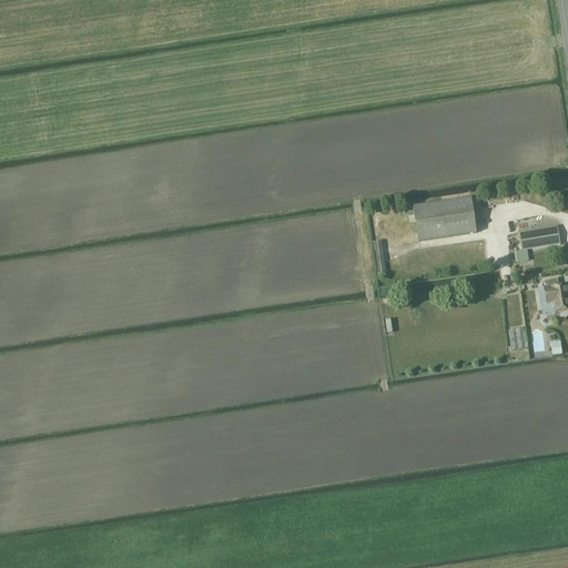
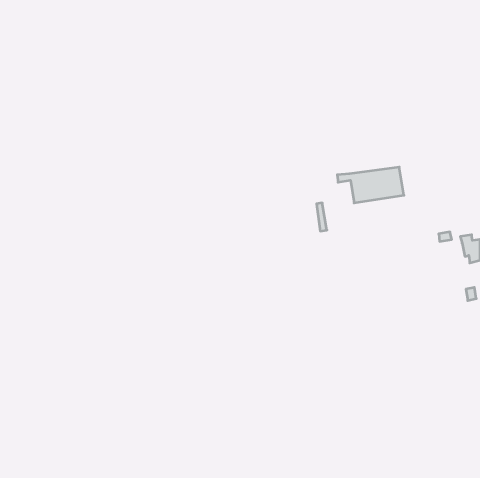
building: [515,225,560,262] -> none

